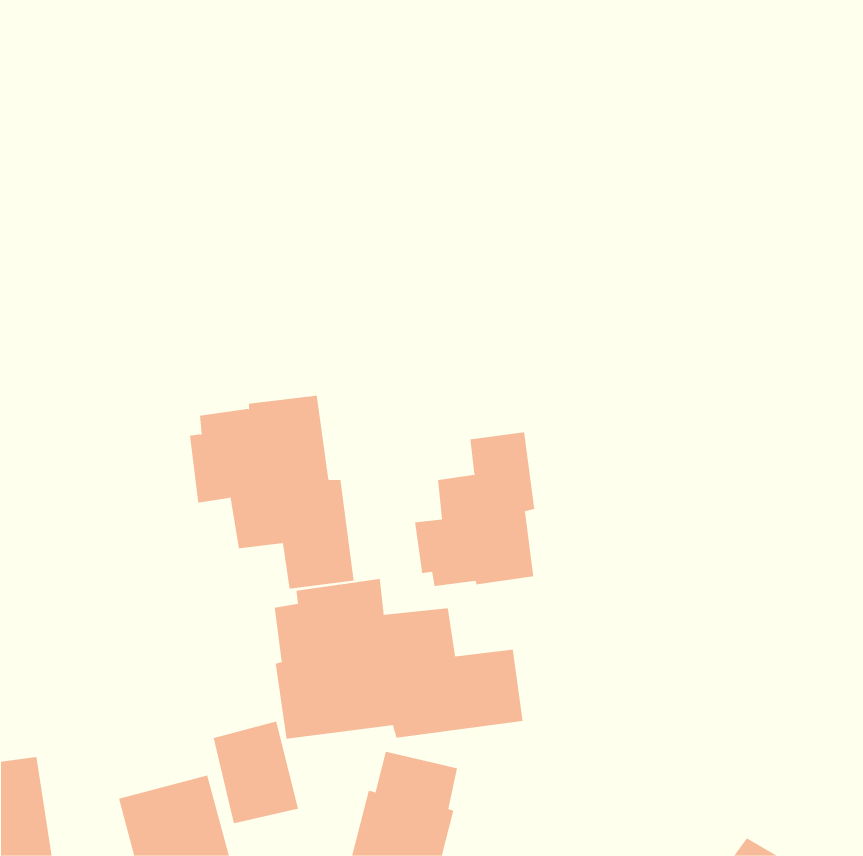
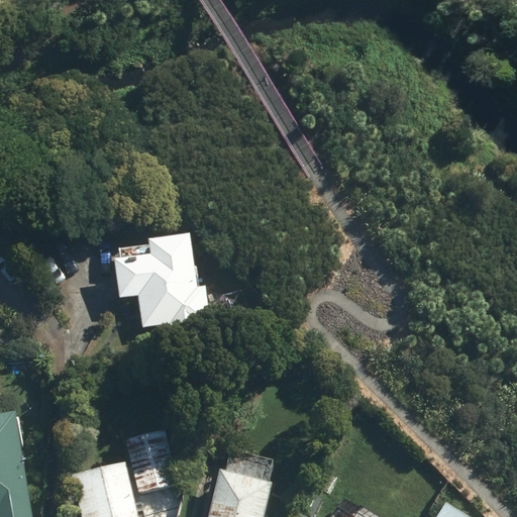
building: [415,431,535,587] -> none
building: [274,578,523,739] -> none

